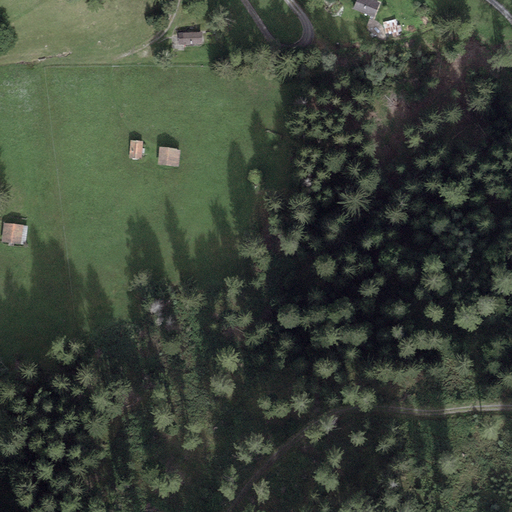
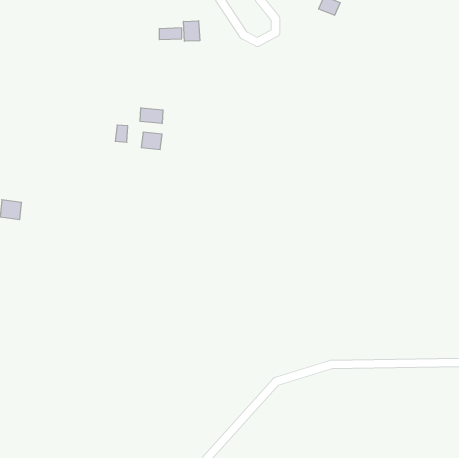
building: none -> [184,21,200,41]
building: none -> [140,108,163,124]

